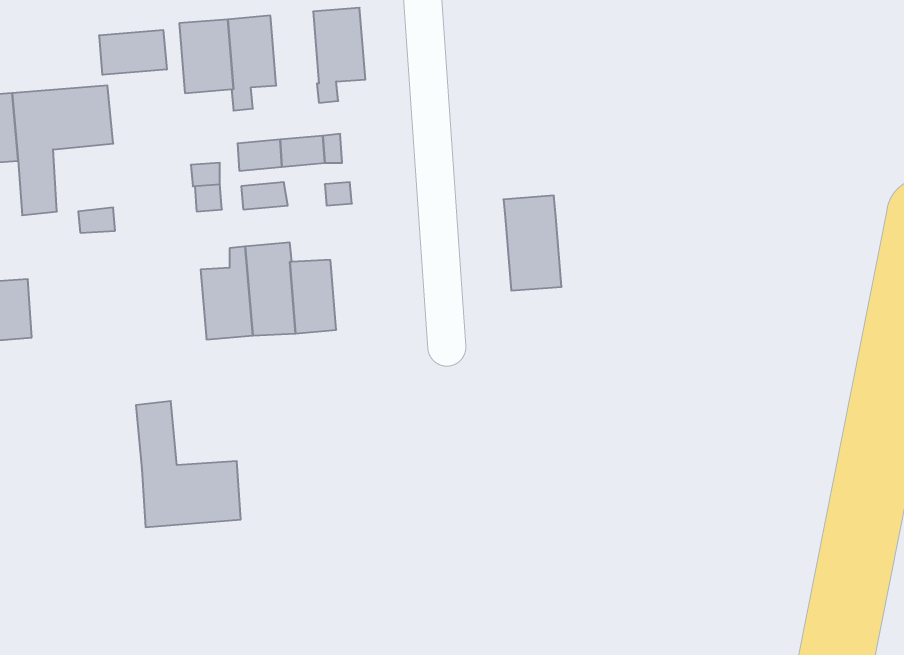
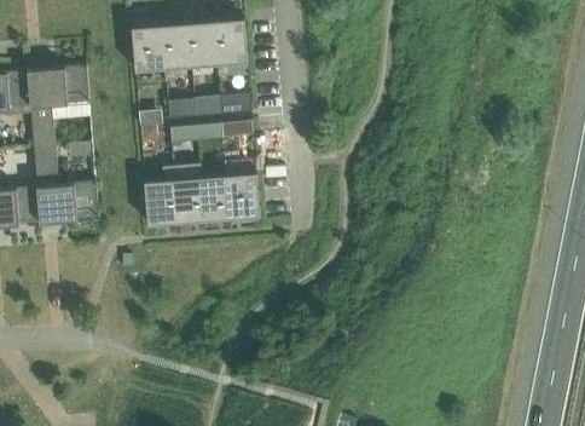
building: none -> [187,19,218,65]
building: [99,30,167,75] -> none
building: [503,196,562,291] -> [224,159,260,218]
building: [136,401,241,527] -> [33,144,98,223]

